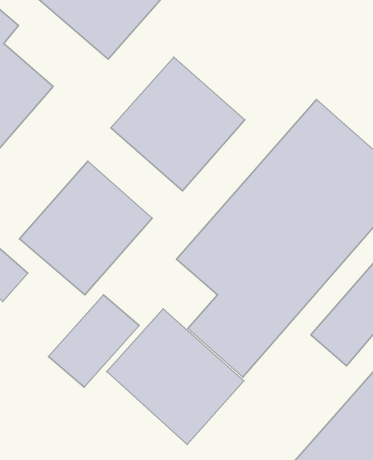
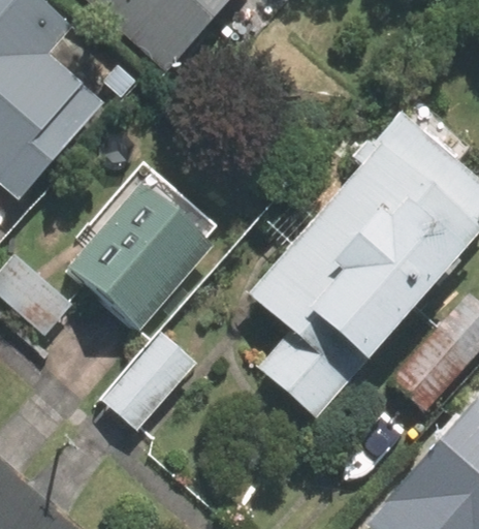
building: [111,57,245,191] -> none
building: [107,309,244,444] -> none

